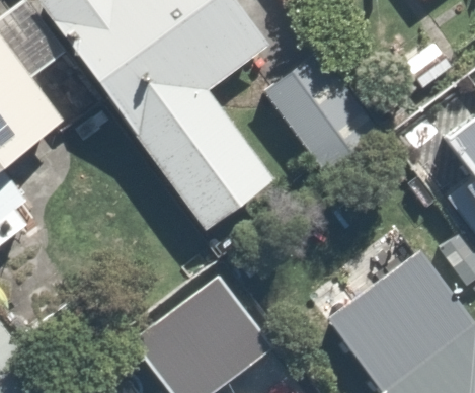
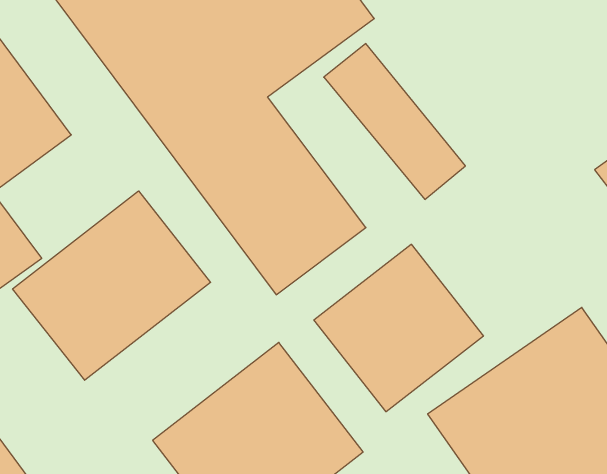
building: none -> [13,191,211,380]
building: none -> [314,244,483,412]

